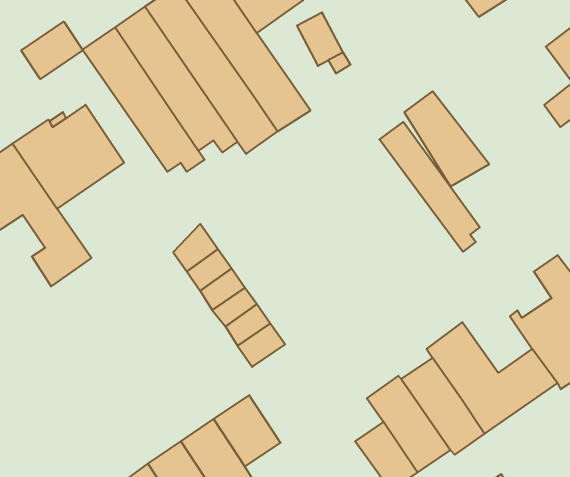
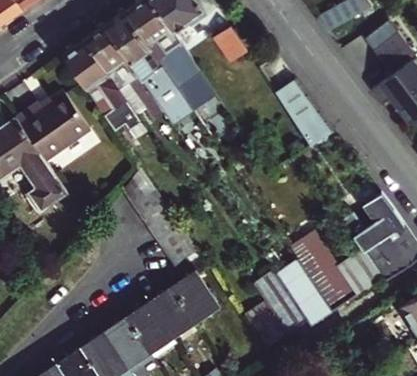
building: [21,22,83,79] -> none
building: [379,122,480,252] -> none
building: none -> [174,270,218,318]

